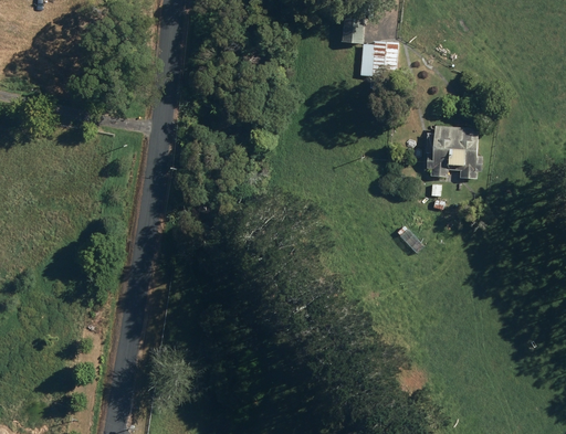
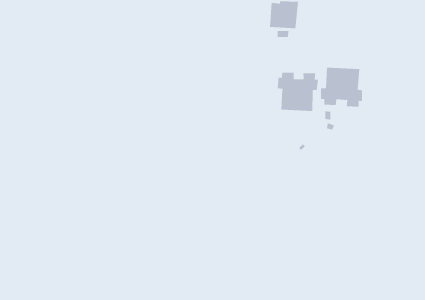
building: none -> [277,72,318,112]

